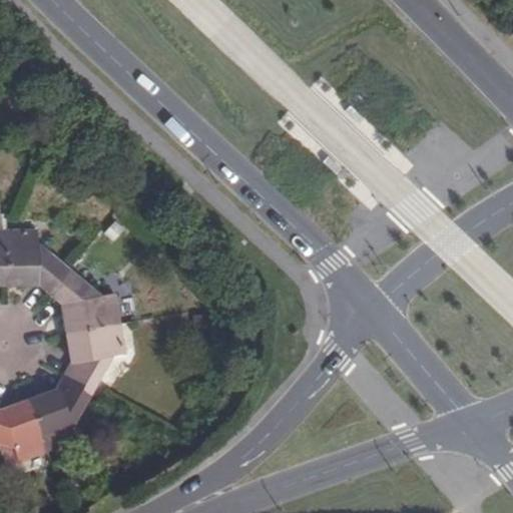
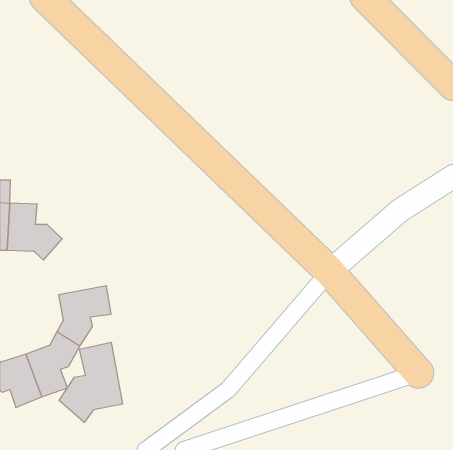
building: [49,270,120,333] -> none
building: none -> [59,342,123,422]

